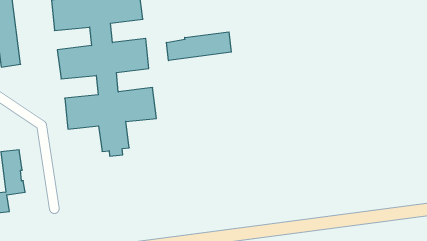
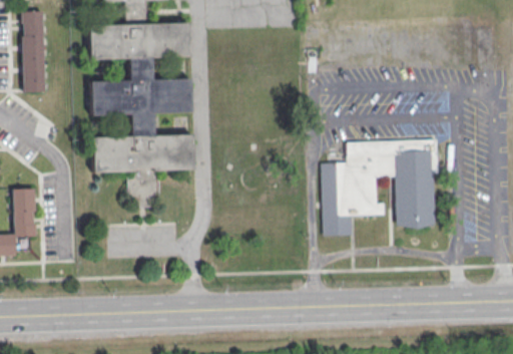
building: [166,32,231,61] -> none
building: none -> [322,140,437,235]

